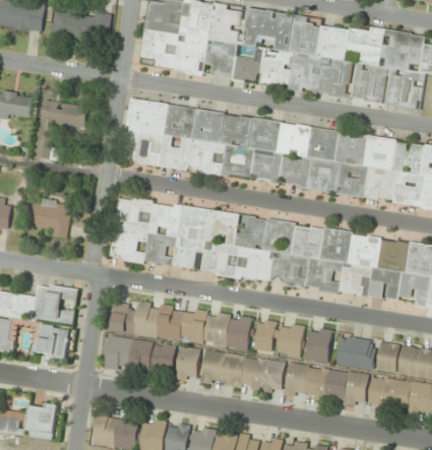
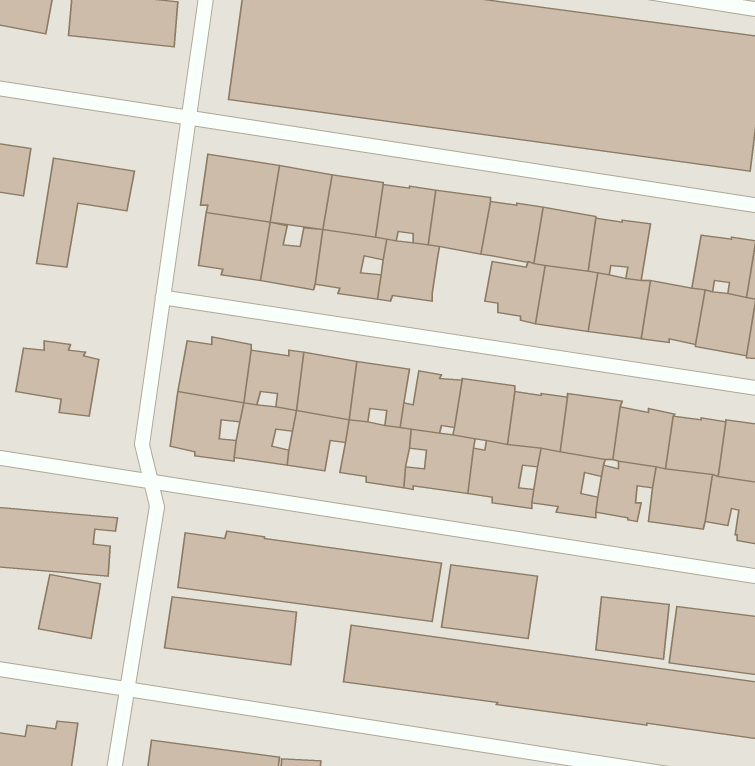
building: [362,135,394,170] -> none
building: [249,151,282,185] -> none
building: [306,327,332,363] -> none
building: [176,346,201,381] -> none

